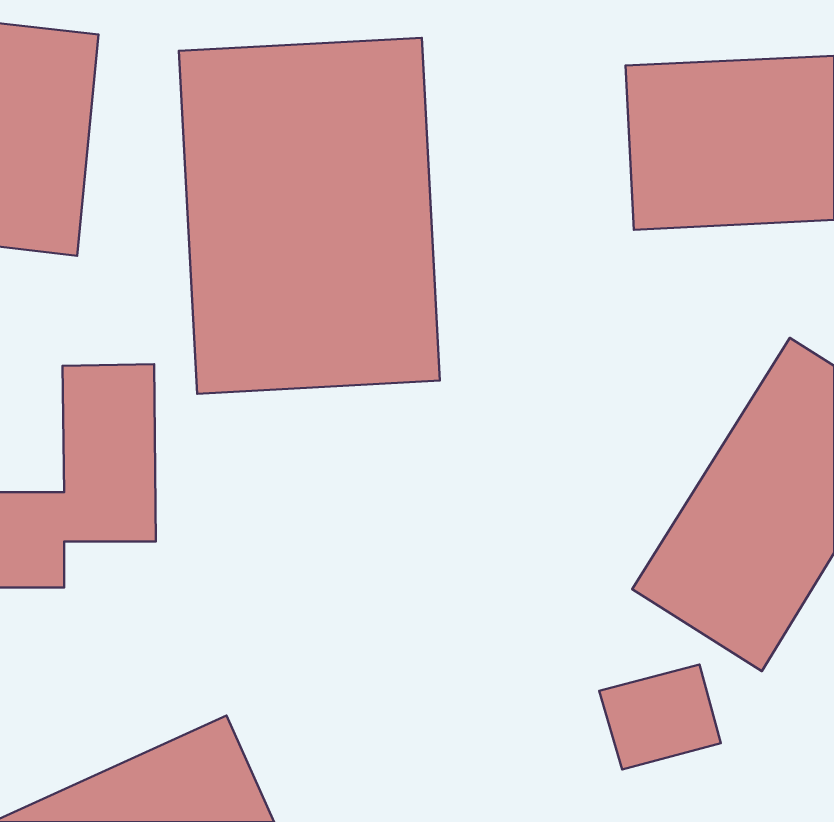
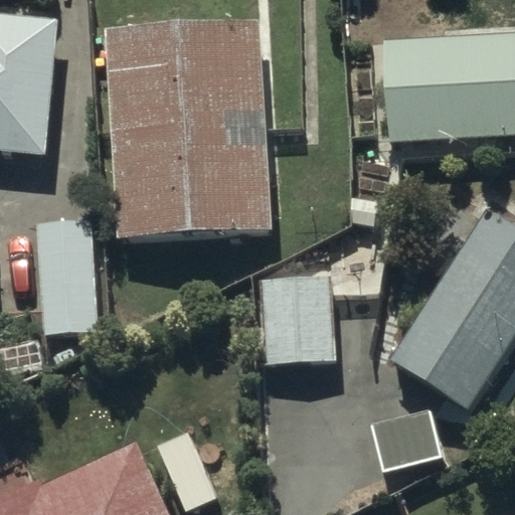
building: none -> [261,277,331,363]

